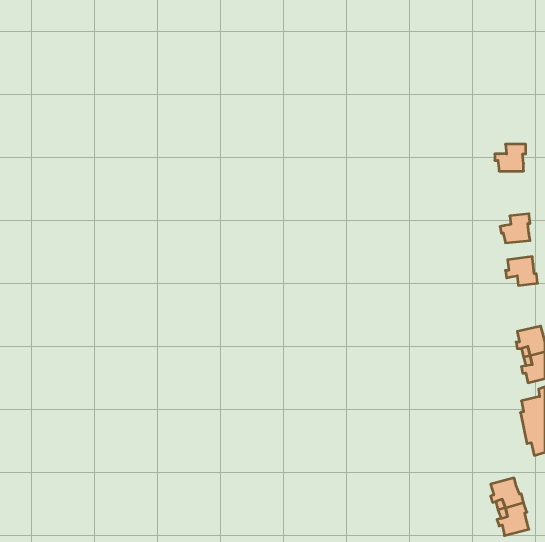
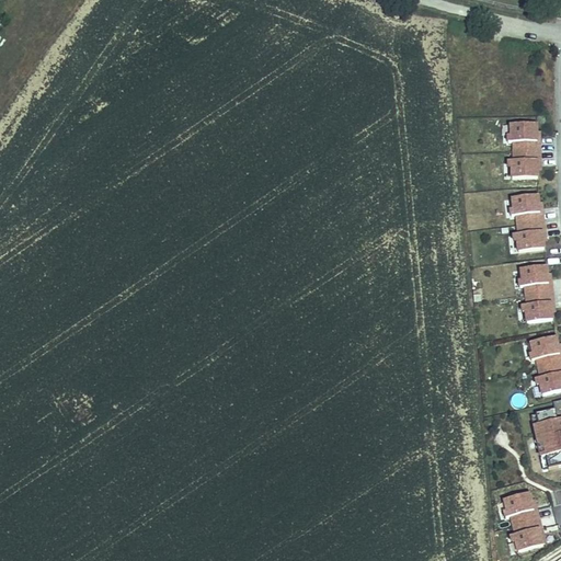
building: none -> [507,121,539,148]
building: none -> [510,193,542,221]
building: none -> [522,290,552,320]

